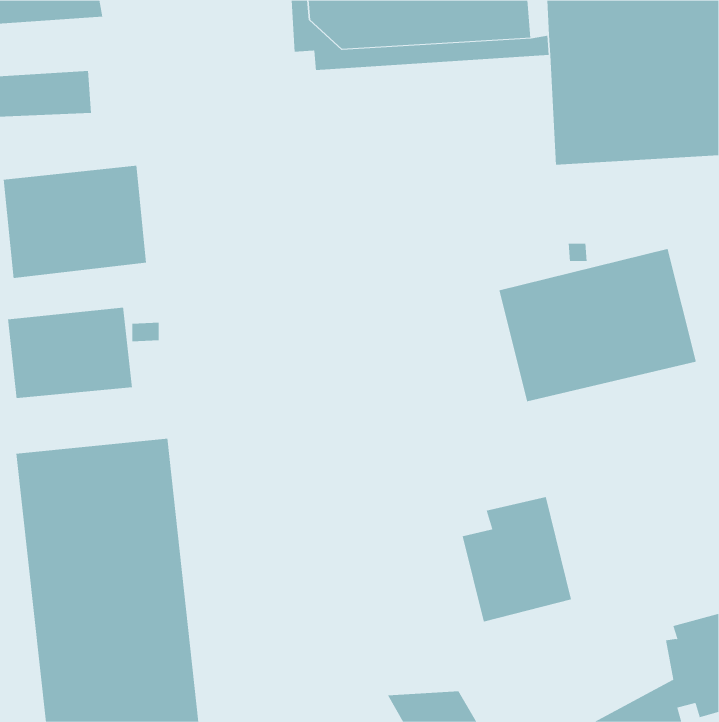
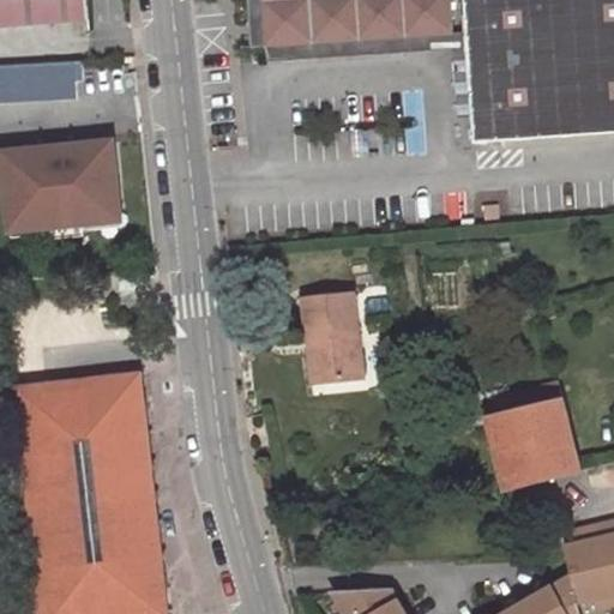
building: [499,248,697,402] -> none
building: [7,307,132,399] -> none
building: none -> [299,291,355,379]
building: [462,497,572,622] -> [487,383,580,489]

